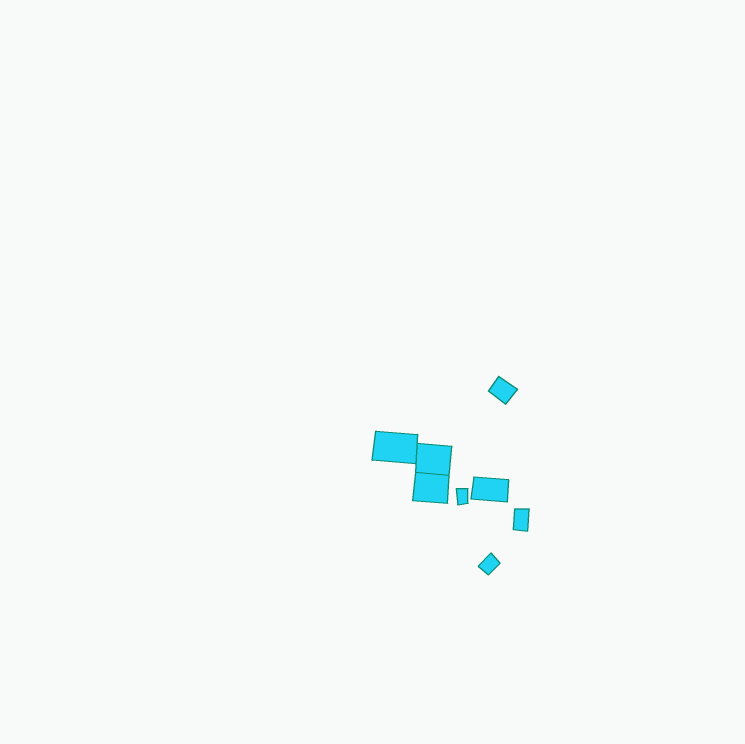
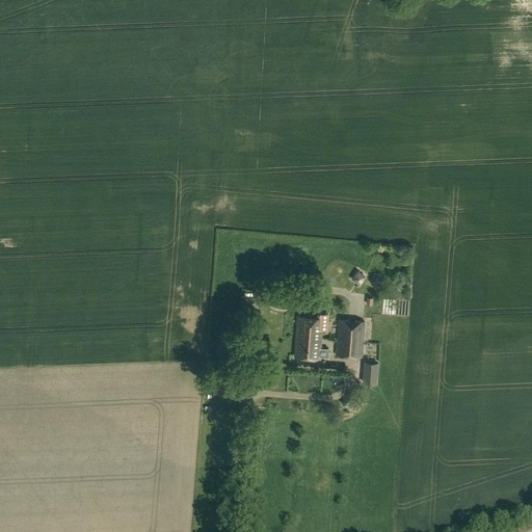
building: [372,431,418,464] -> none
building: none -> [338,321,365,343]

